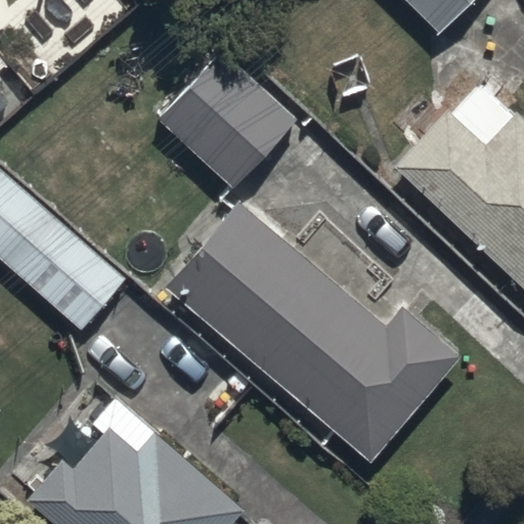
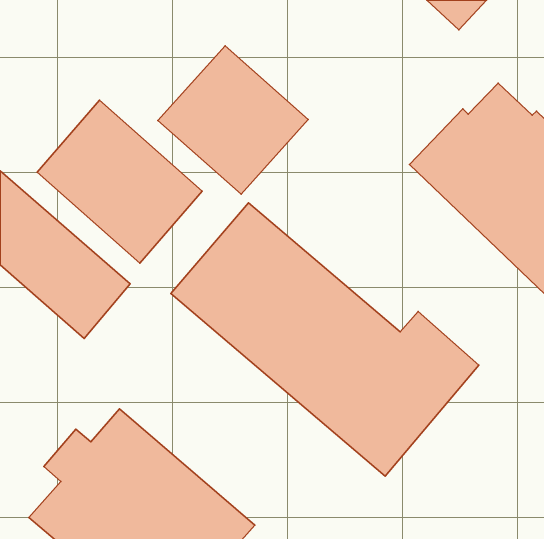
building: none -> [37,100,202,263]

